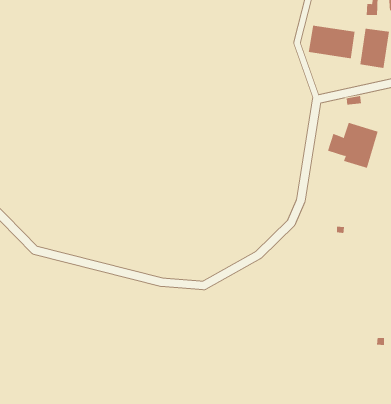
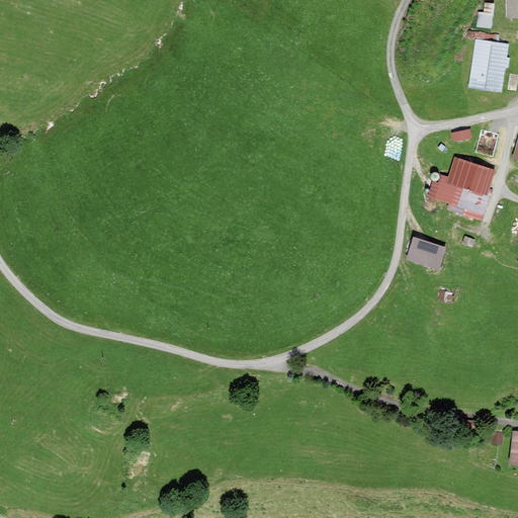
building: [308,25,355,59] -> none
building: none -> [406,237,446,269]

